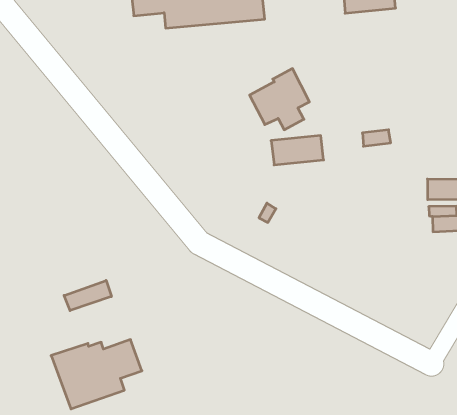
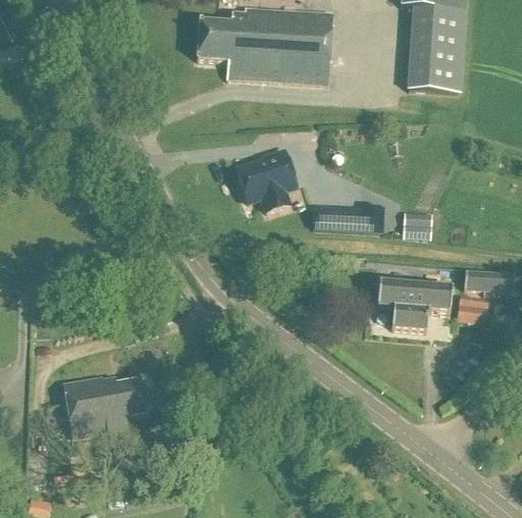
building: [250,69,309,130] -> [238,149,296,208]
building: none -> [377,281,453,330]
building: [64,280,111,311] -> none

